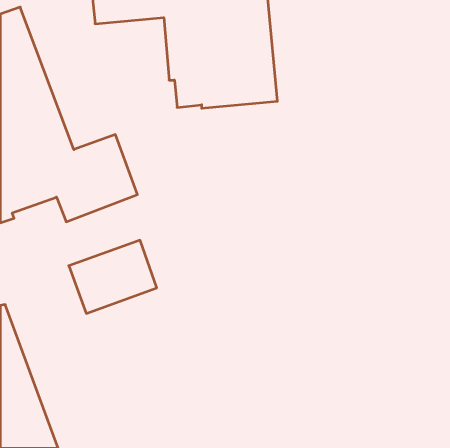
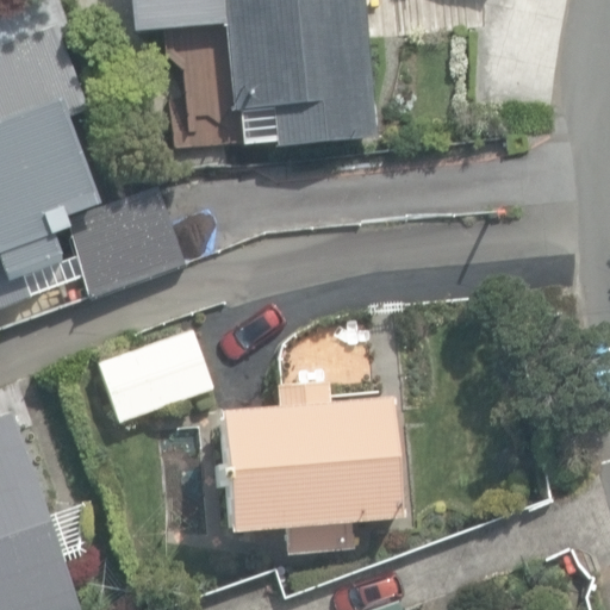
building: none -> [217,380,398,552]

